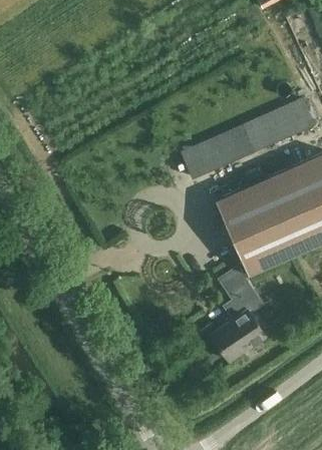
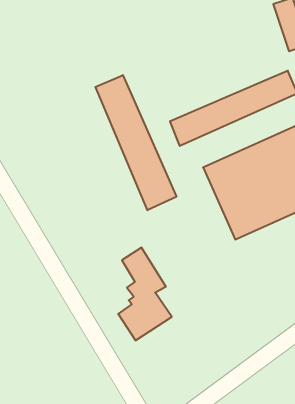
building: none -> [95,75,176,210]
building: [212,266,267,361] -> [118,248,172,340]

